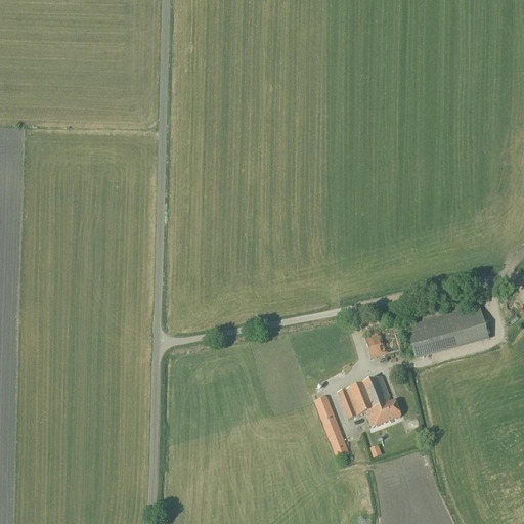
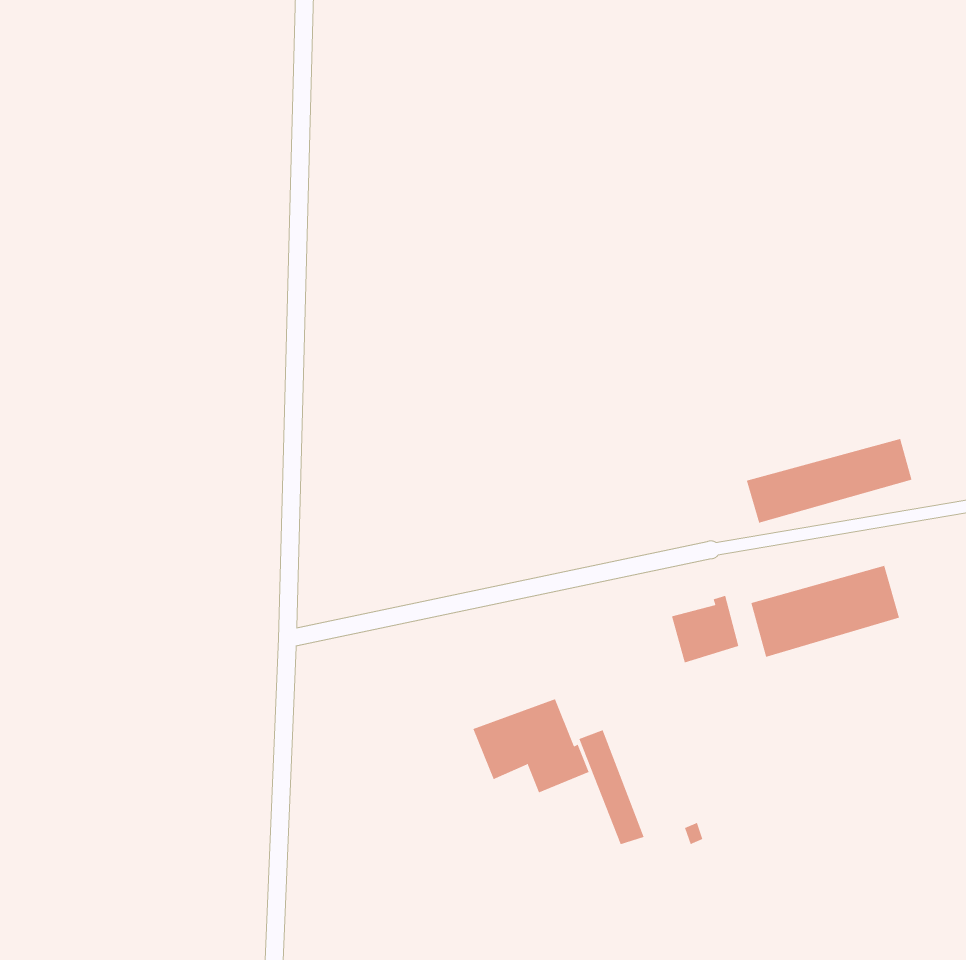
building: none -> [746,438,912,523]
building: [337,376,400,427] -> [472,699,590,793]

